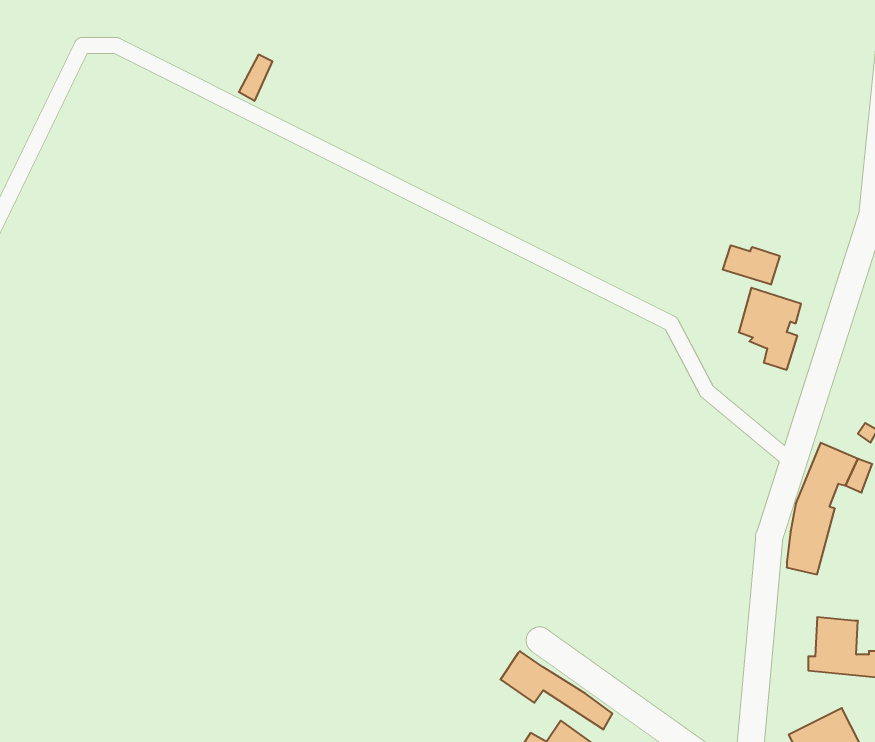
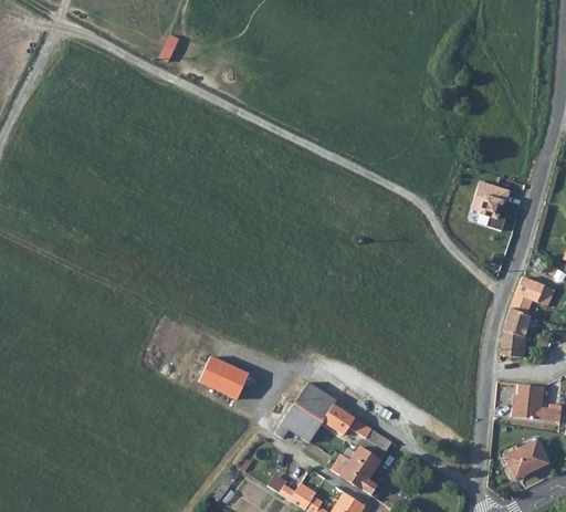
building: [723,245,780,285] -> none
building: none -> [200,355,252,400]
building: none -> [274,385,336,443]

